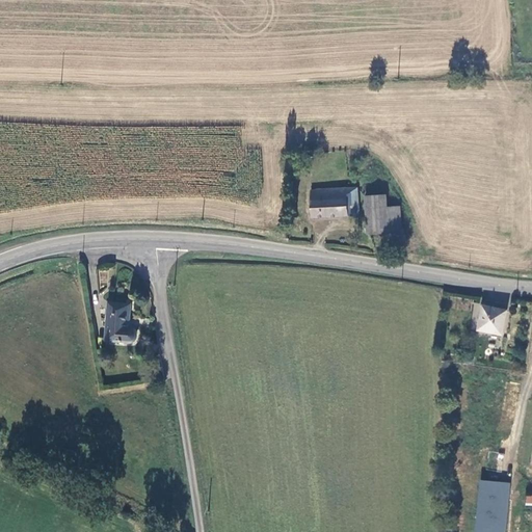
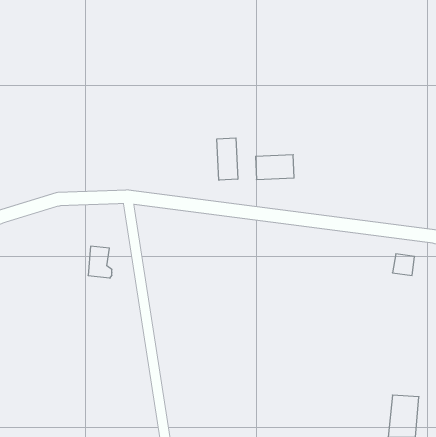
building: none -> [217,138,238,180]
building: [366,196,397,234] -> none

